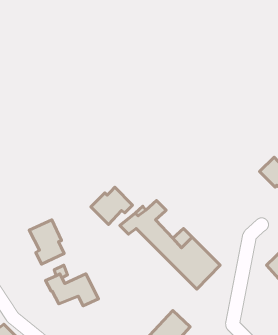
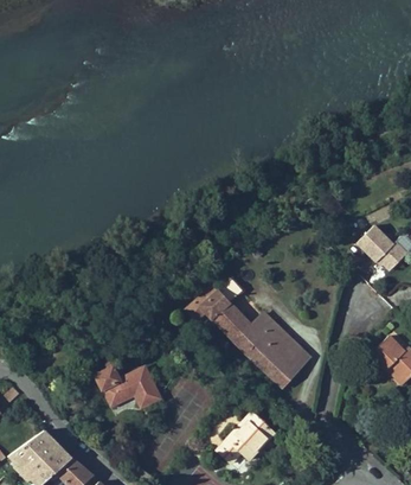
building: [91,187,133,224] -> none
building: [29,220,64,264] -> none

